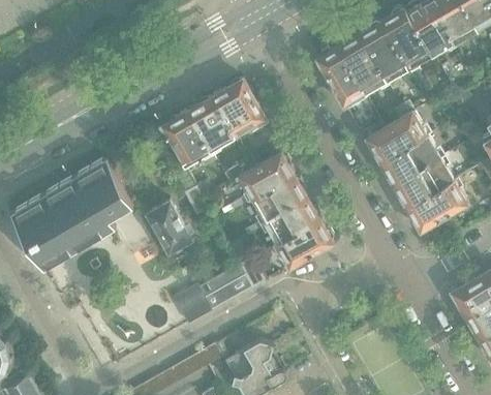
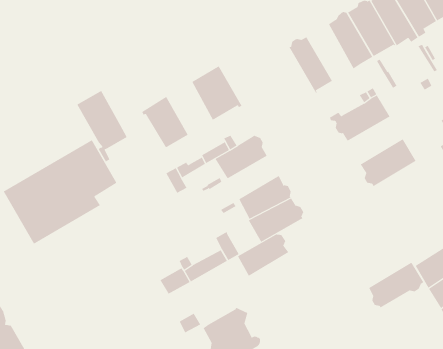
building: [336,34,386,95] -> none
building: [185,96,240,174] -> [77,90,128,162]
building: [379,133,439,185] -> none
building: [250,176,306,222] -> [237,233,289,276]
building: [407,181,467,231] -> [369,262,424,308]
building: [145,200,192,255] -> none

